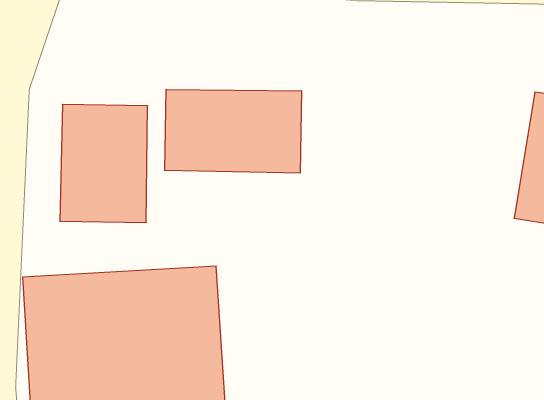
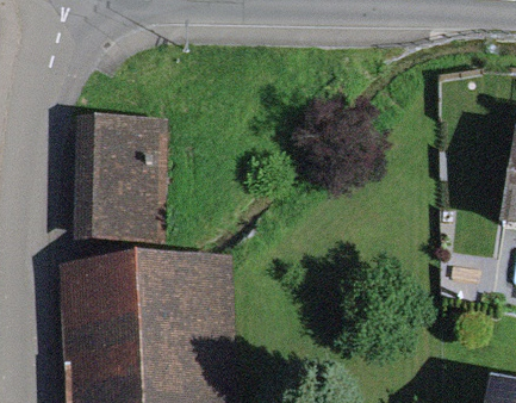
building: [165,89,302,173] -> none

